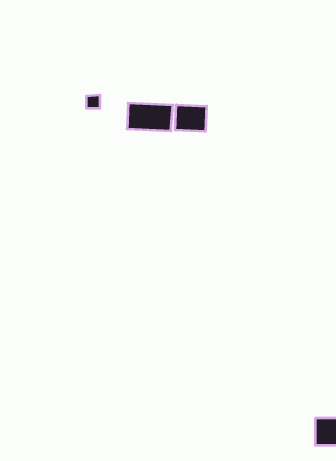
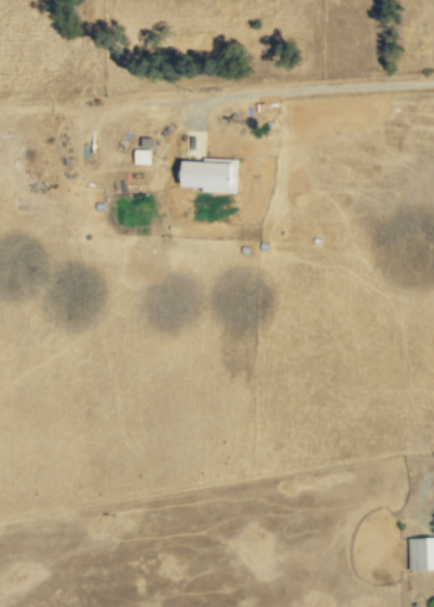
building: [175,105,207,131] -> none

